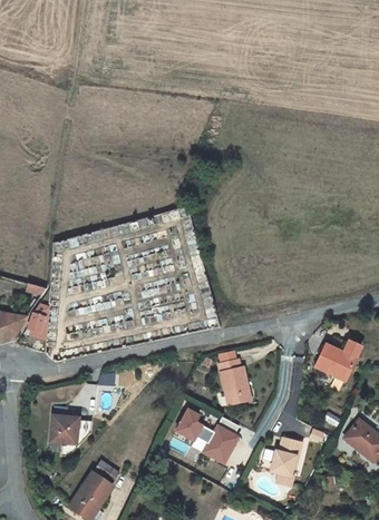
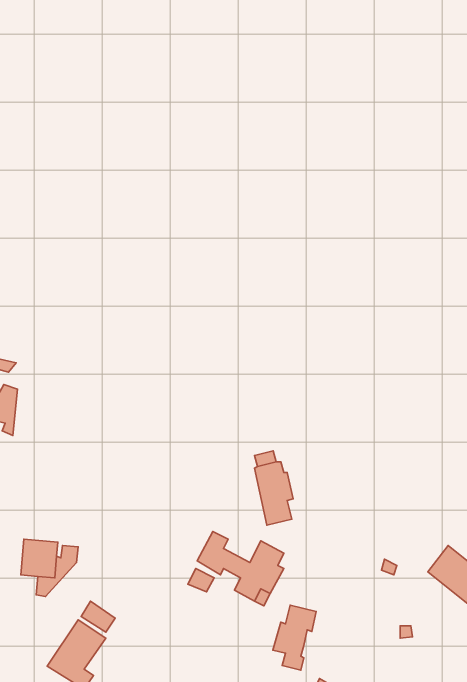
building: [314,340,360,380] -> none
building: [270,438,301,484] -> [273,605,316,670]

